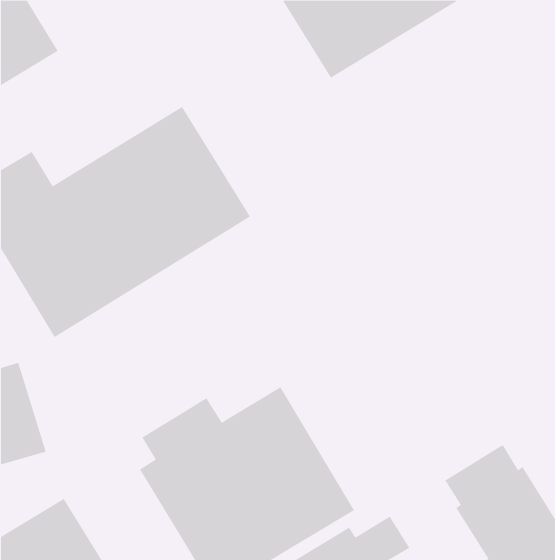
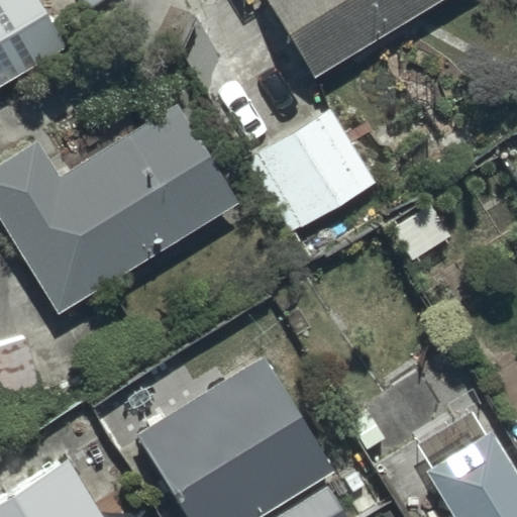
building: none -> [250,108,380,234]

